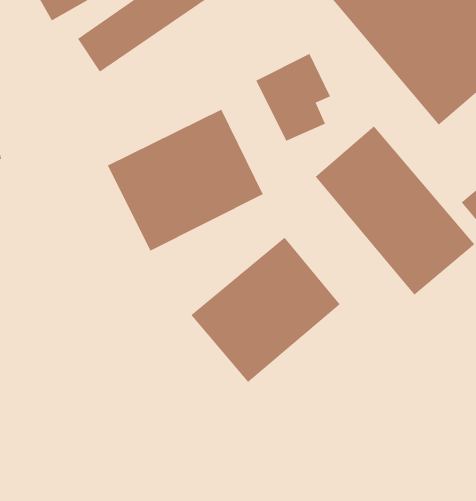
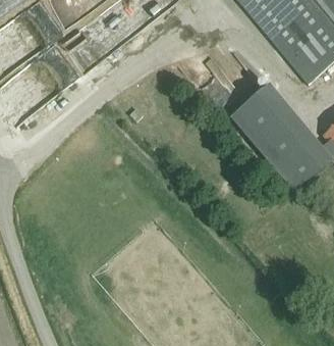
building: [107,109,263,251] -> none
building: [191,237,341,383] -> none

